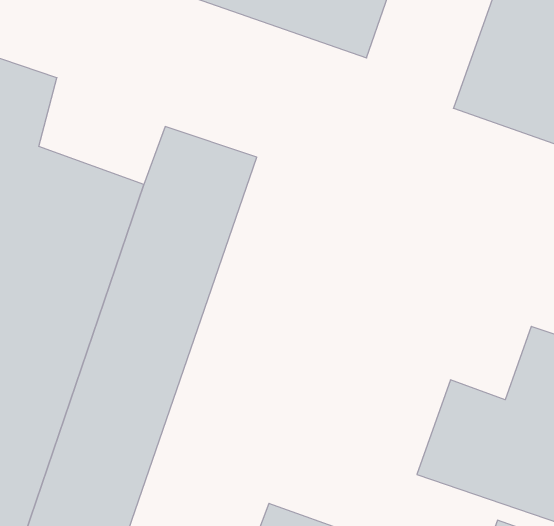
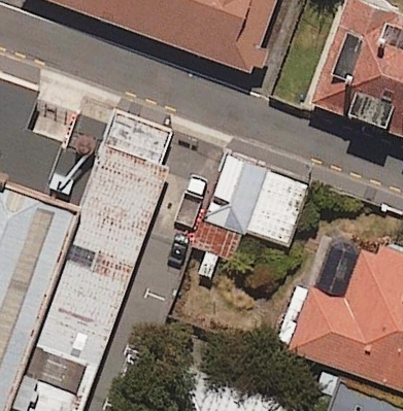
building: none -> [190,151,311,262]

